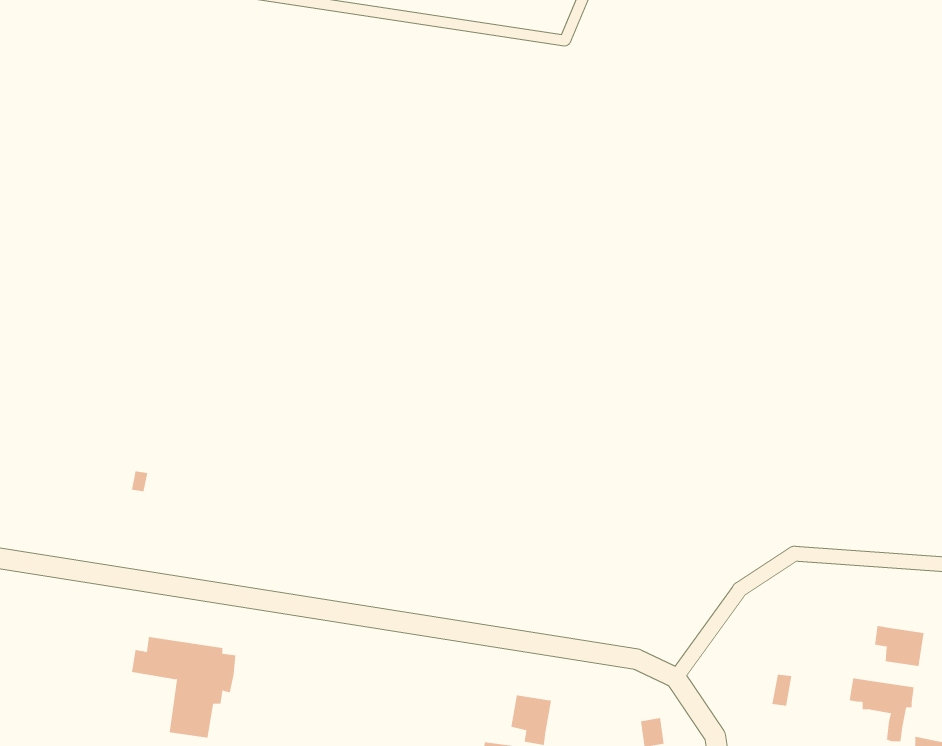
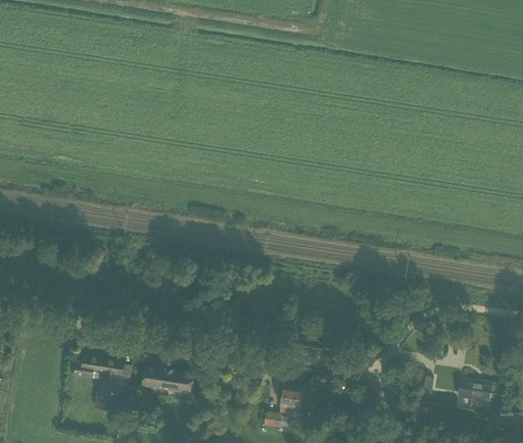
building: [874,625,924,667] -> none
building: none -> [139,367,190,394]

